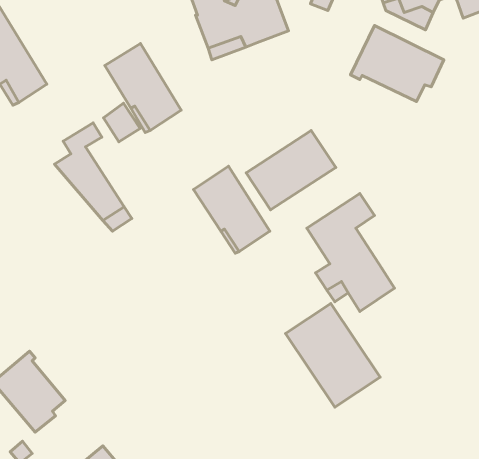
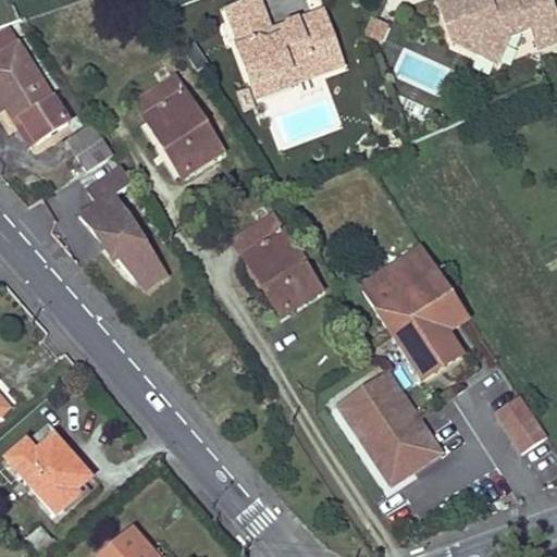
building: [350,26,444,102] -> none
building: [103,103,140,142] -> [69,124,110,168]
building: [246,130,336,210] -> none
building: none -> [417,270,468,330]
building: none -> [497,395,546,448]

